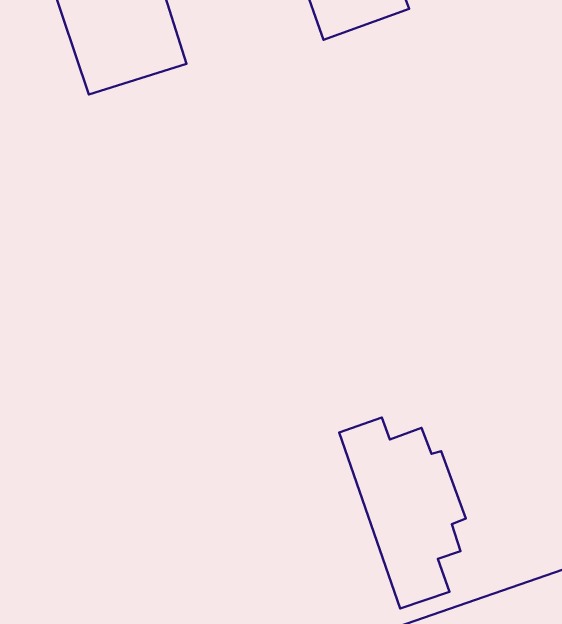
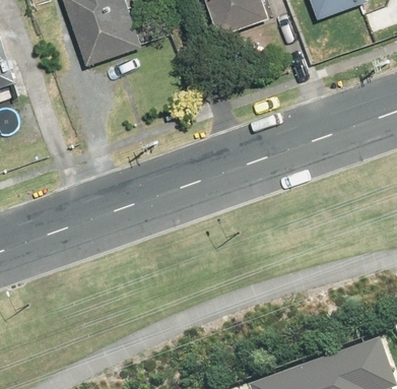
building: [339,418,466,609] -> none

